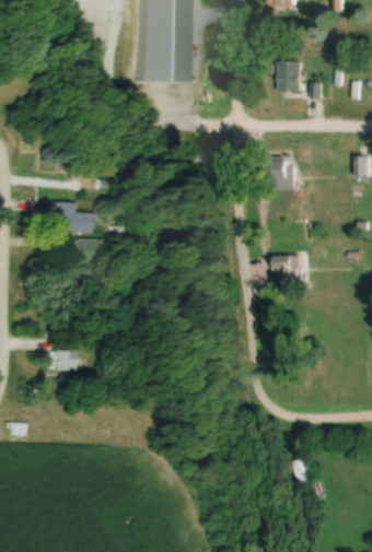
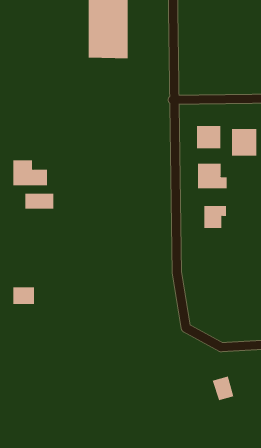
building: [277,62,300,92] -> none
building: none -> [231,128,257,157]
building: none -> [197,163,227,189]

